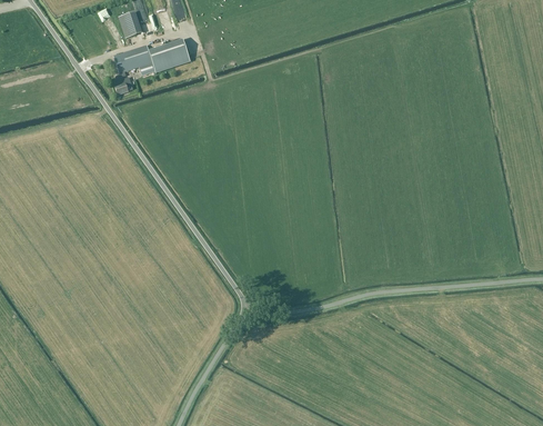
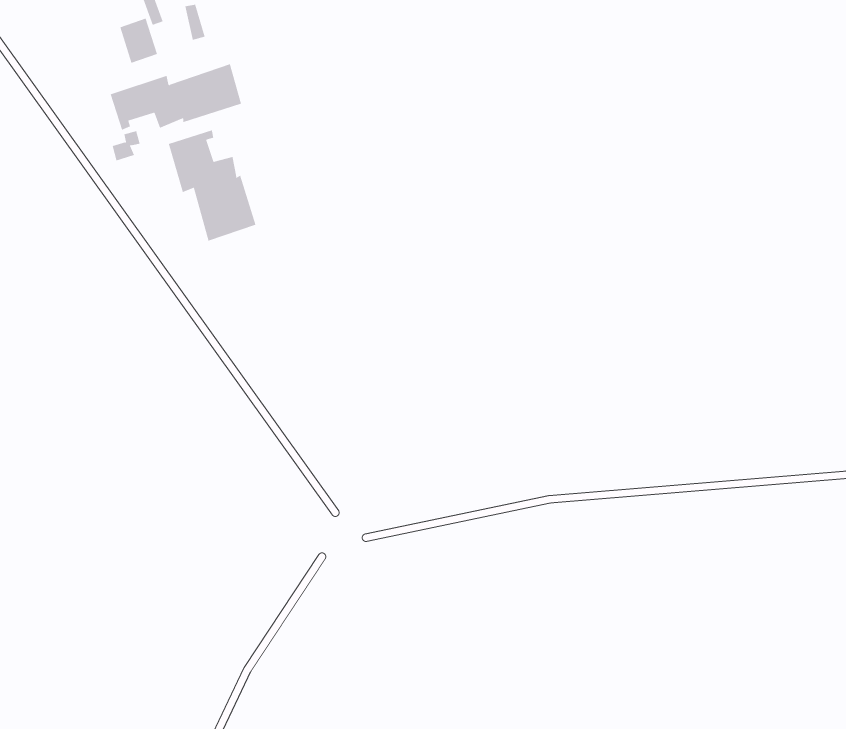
building: none -> [168,130,256,242]

